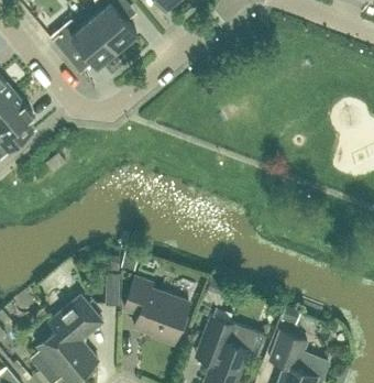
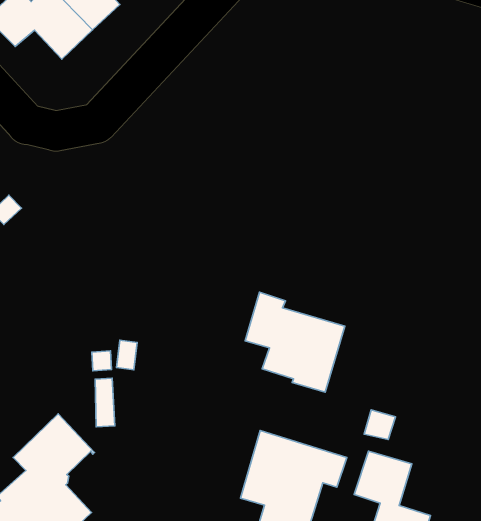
building: [123,277,188,344] -> [245,292,345,392]

